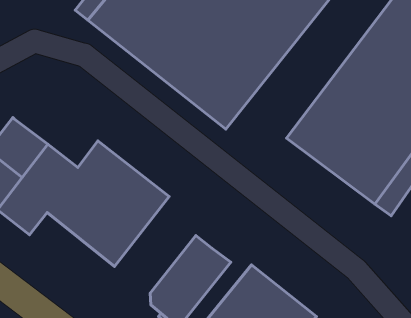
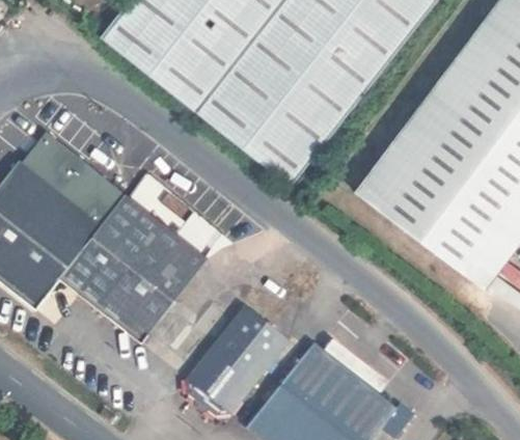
building: none -> [20,132,124,225]

